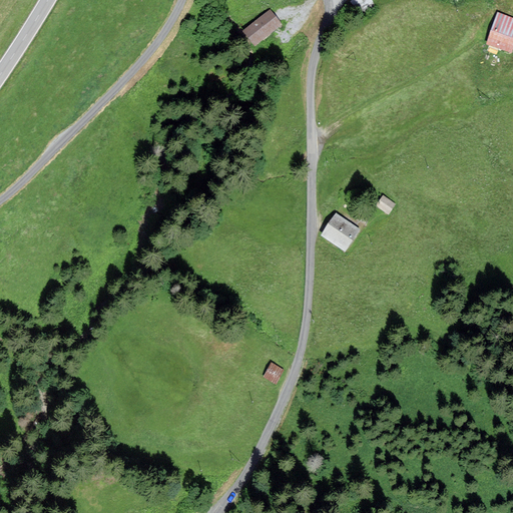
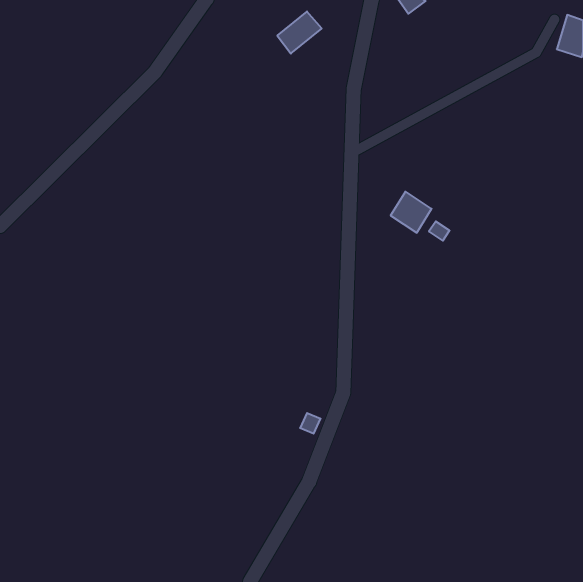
building: [322,212,358,248] -> [391,192,432,233]

